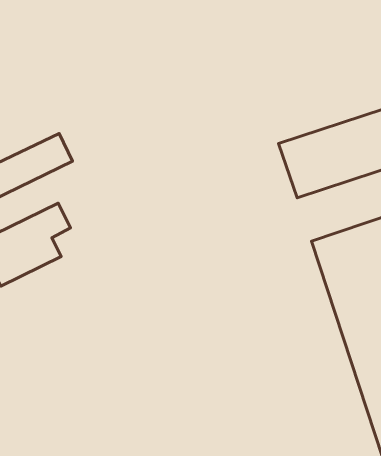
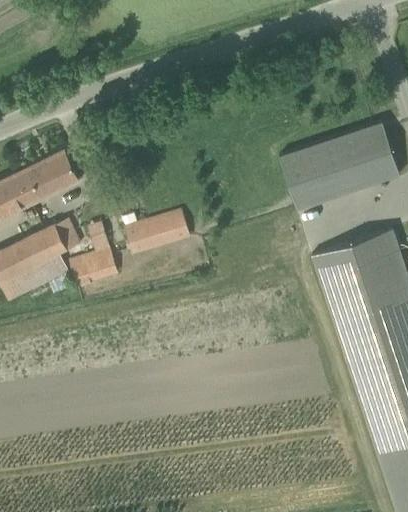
building: none -> [126,210,190,253]
building: none -> [70,231,119,285]

